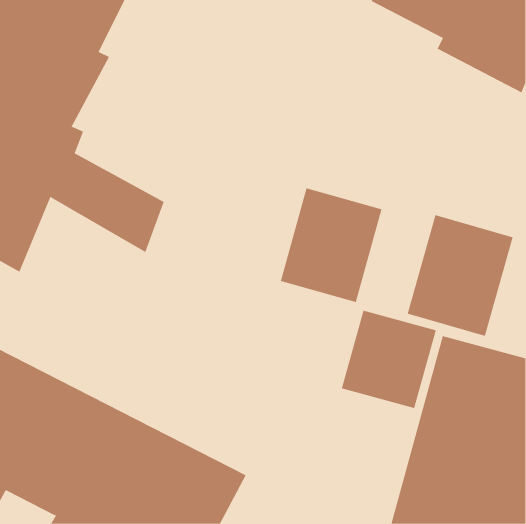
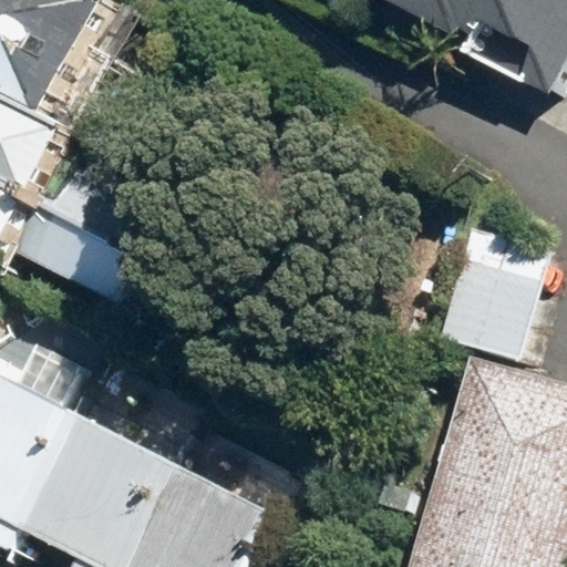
building: [280,187,382,303] -> none
building: [341,310,437,409] -> none

